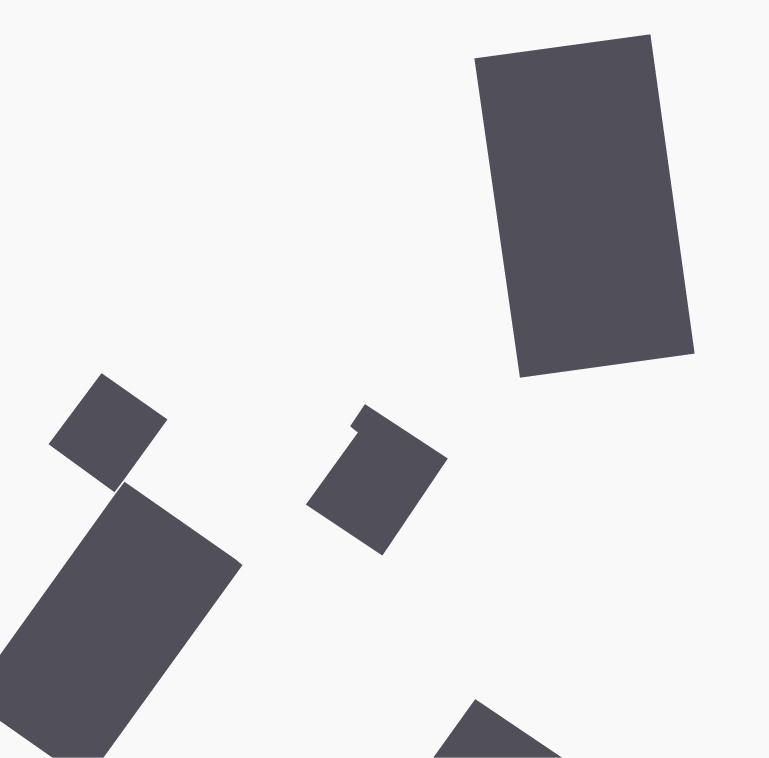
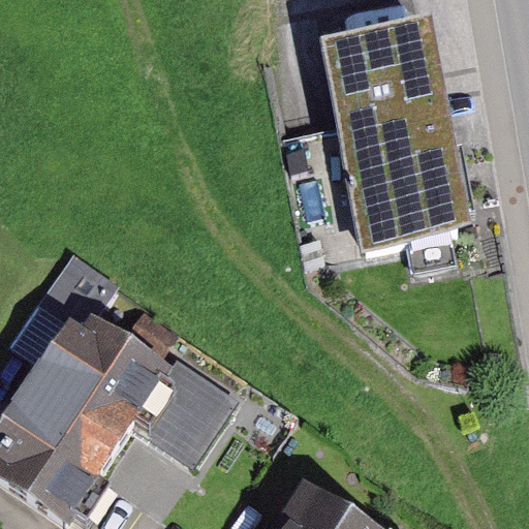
building: [305,403,449,556] -> [129,362,226,465]

